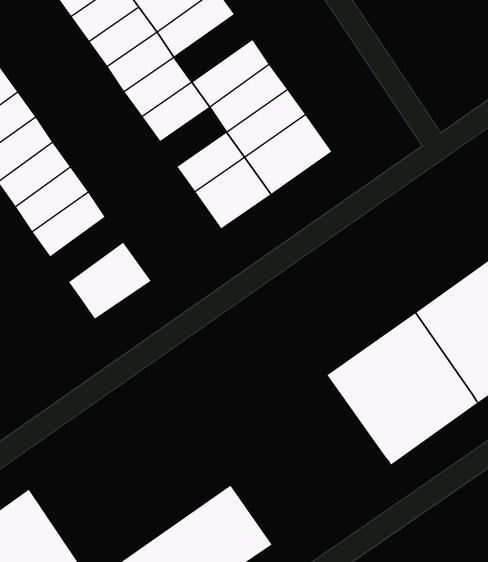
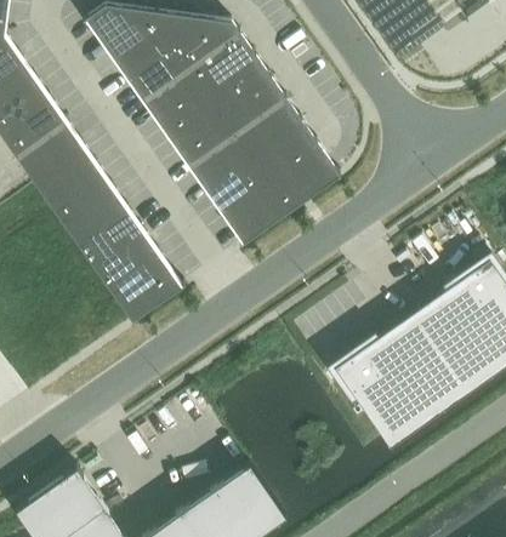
building: none -> [201,55,271,114]
building: none -> [189,136,248,188]
building: none -> [93,232,158,289]

